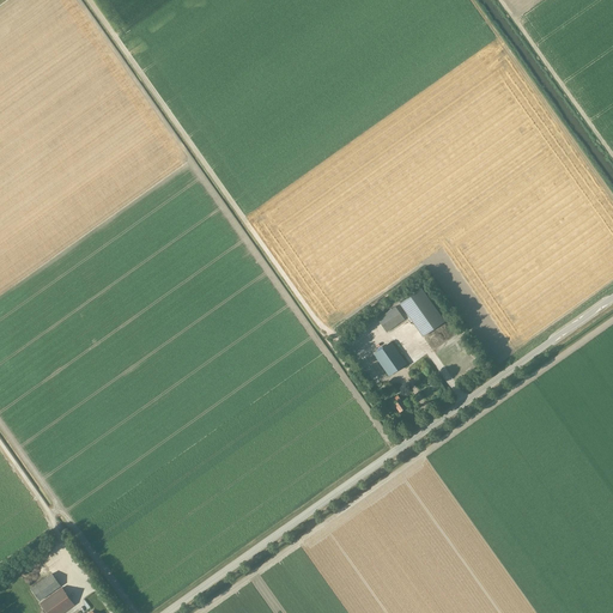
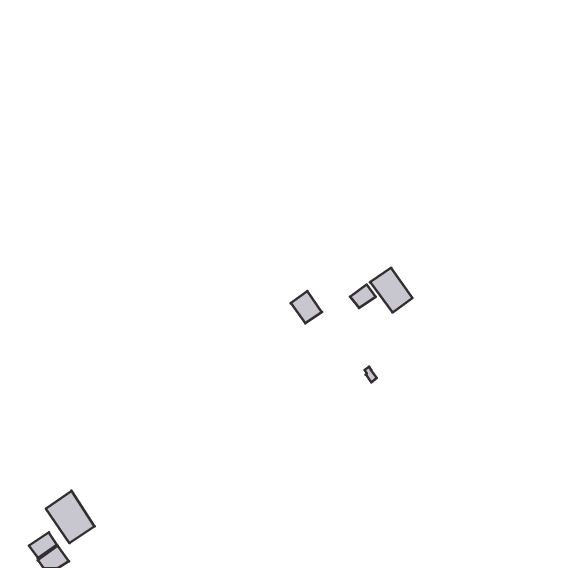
building: [374,341,407,376] -> [291,291,322,323]
building: none -> [46,491,95,543]

